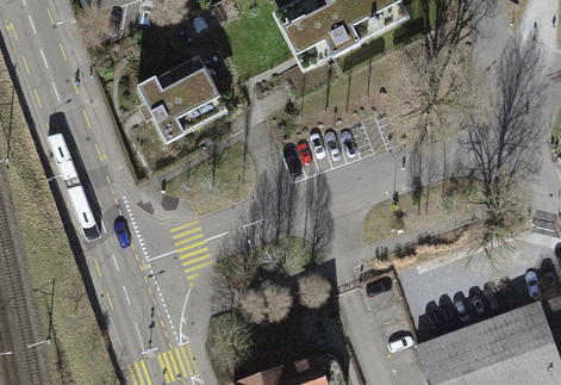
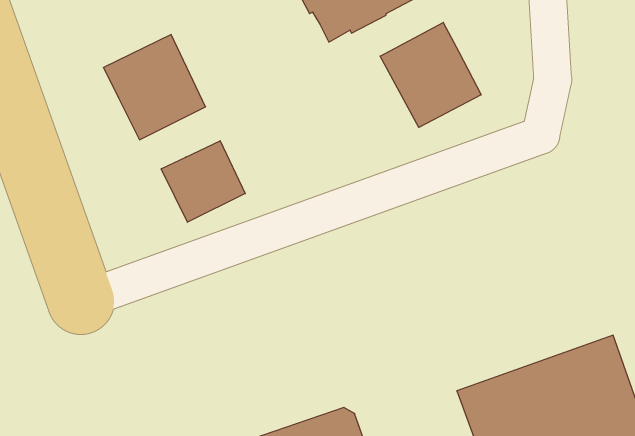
building: none -> [380,22,481,127]
building: none -> [161,141,245,222]

